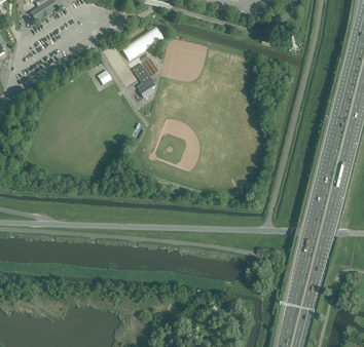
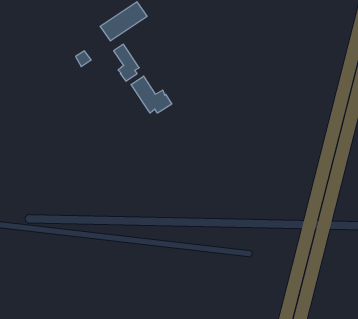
building: none -> [131,76,172,113]

